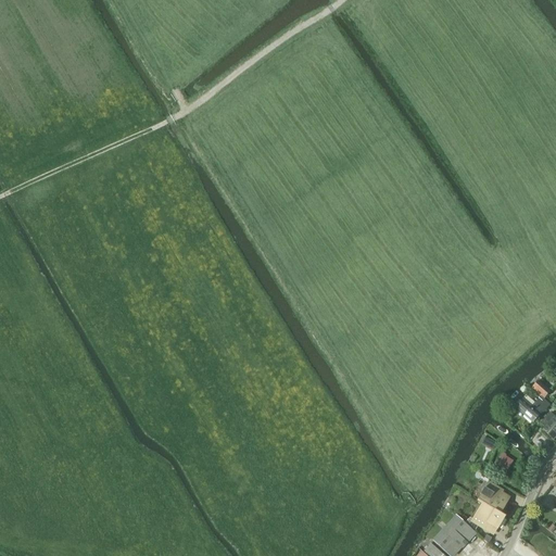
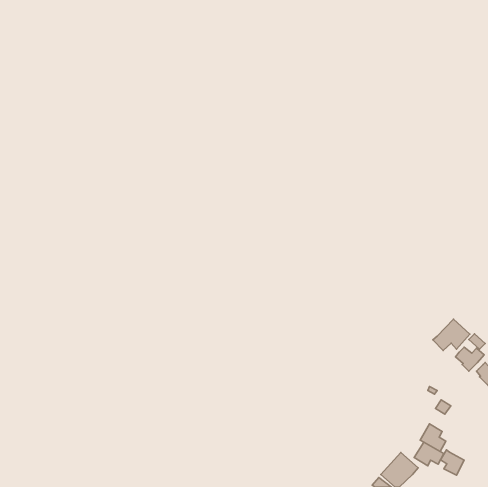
building: none -> [433,319,470,350]
building: none -> [441,450,464,475]

